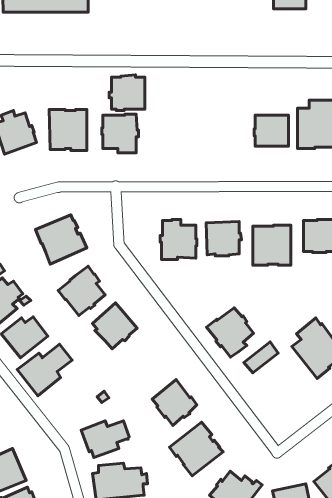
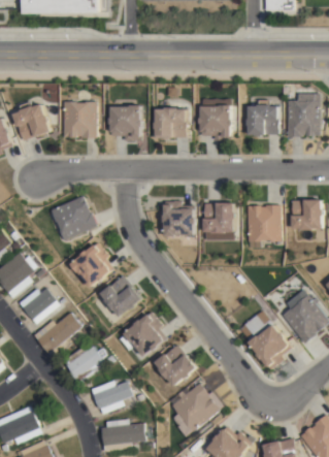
building: [109,75,145,110] -> [154,107,186,139]
building: none -> [199,98,231,139]
building: [207,308,254,357] -> [248,325,290,369]
building: none -> [123,313,166,357]
building: none -> [63,346,103,386]

